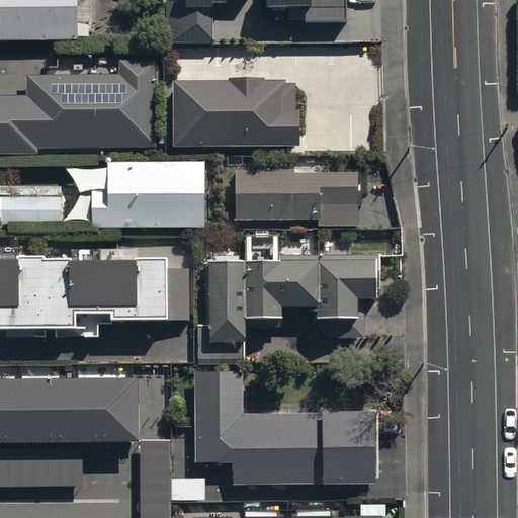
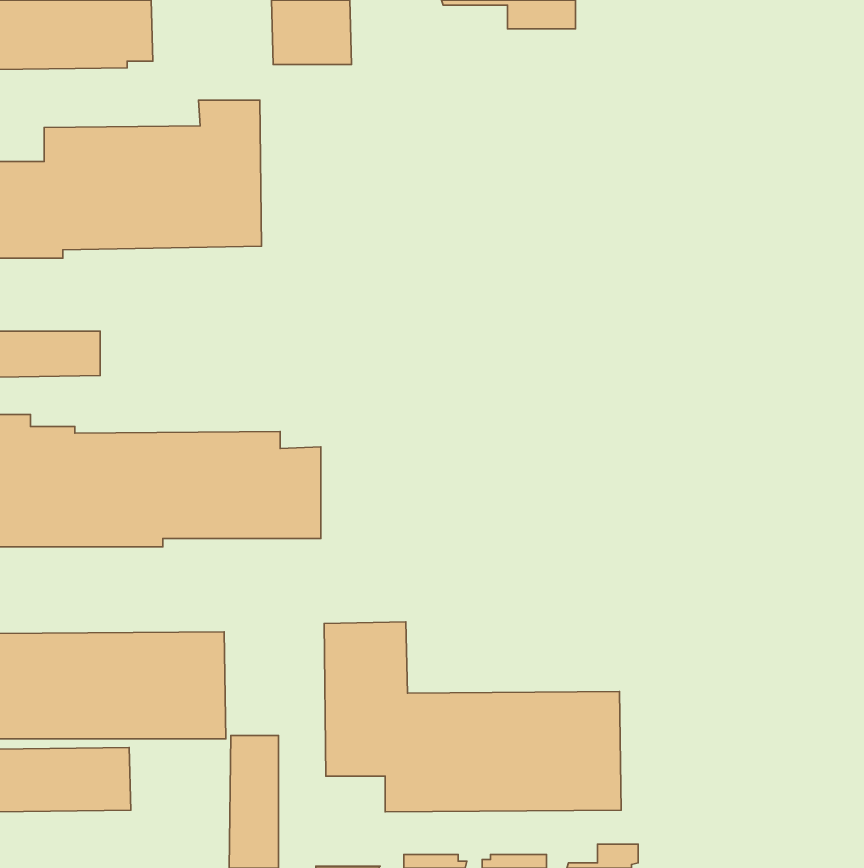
building: [172,78,295,145] -> none
building: [92,162,204,228] -> none
building: [235,169,354,227] -> none
building: [207,235,378,343] -> none

